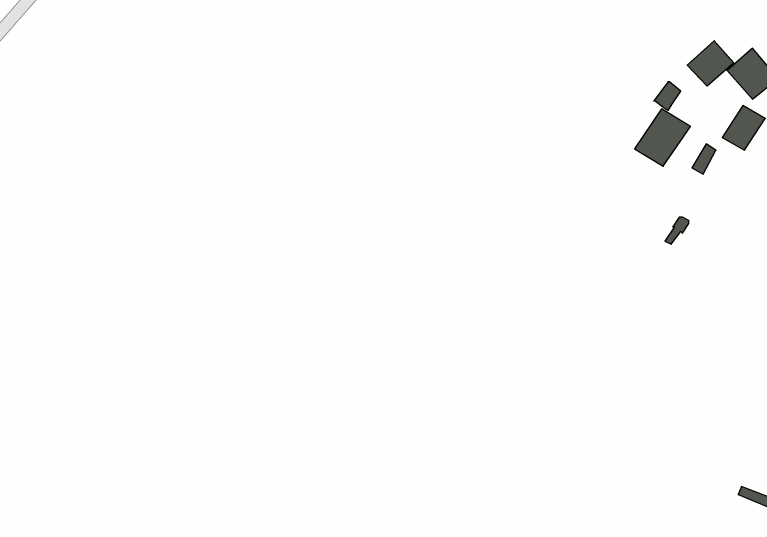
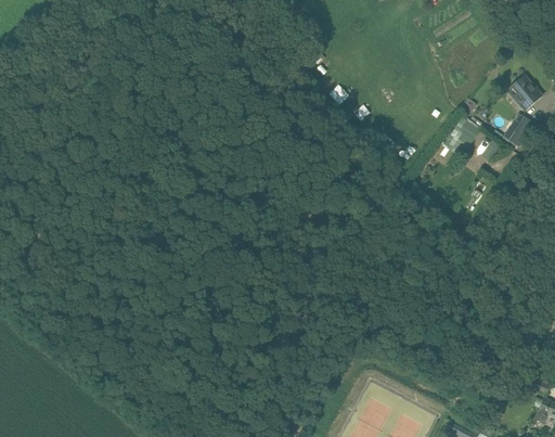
building: [687,41,734,86] -> none

